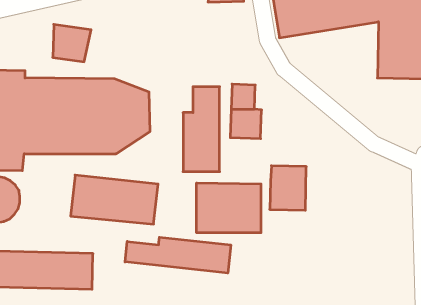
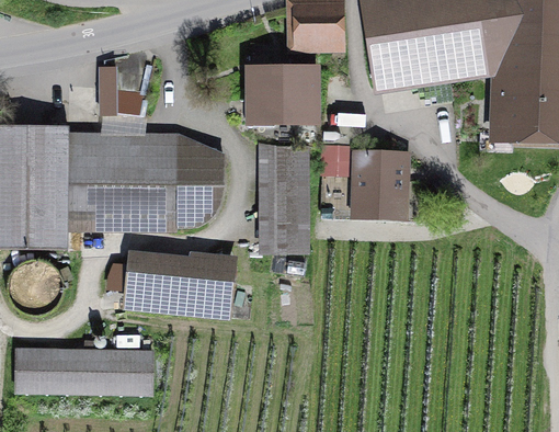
building: none -> [252,68,315,120]
building: [270,166,306,210] -> [358,156,403,211]
building: [197,183,261,233] -> none
building: [125,237,231,273] -> none

